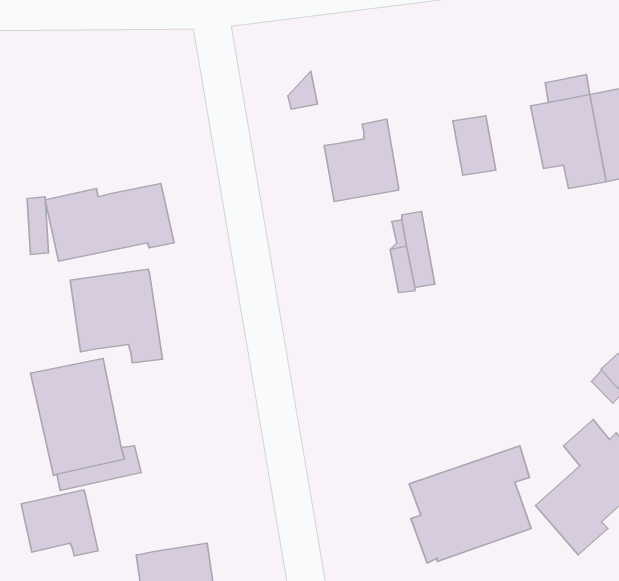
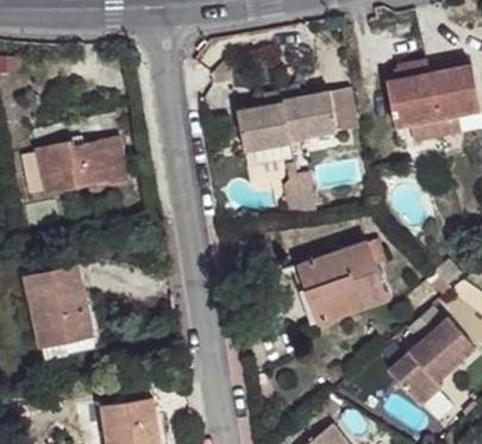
building: none -> [282,85,337,139]
building: [70,269,162,363] -> none
building: [409,446,531,563] -> [298,238,386,323]
building: [21,490,98,556] -> none

